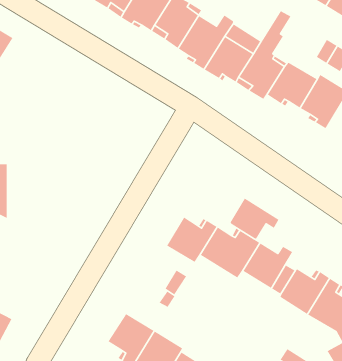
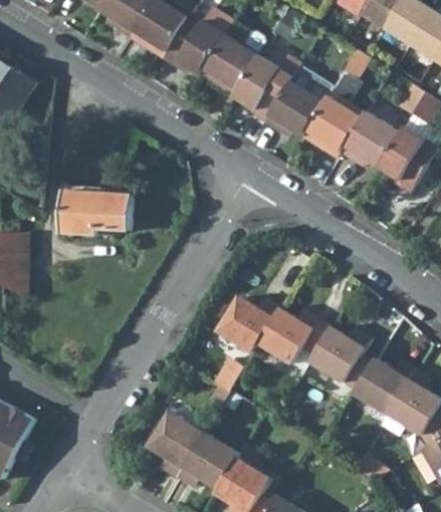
building: none -> [58,191,131,235]
building: [229,198,279,240] -> none

